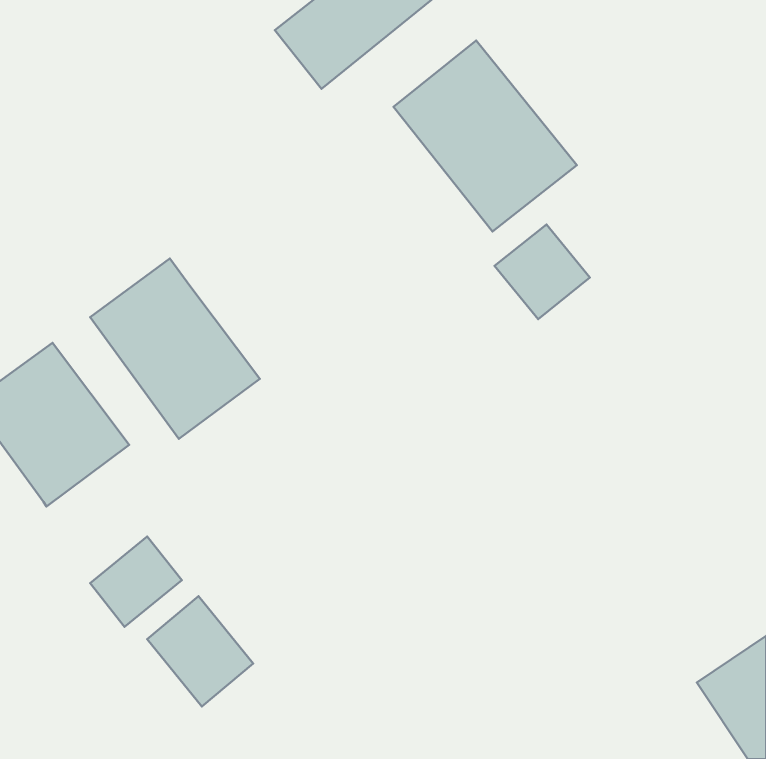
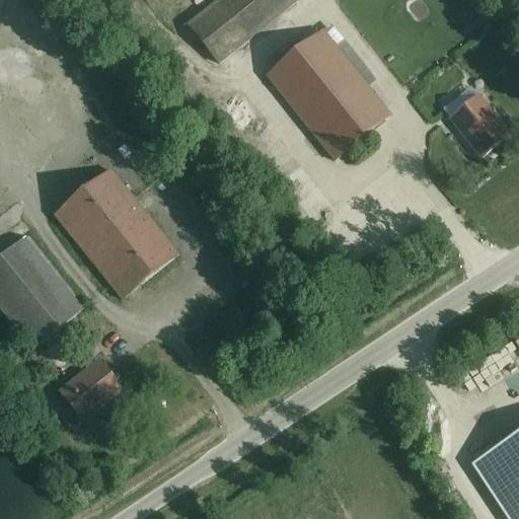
building: none -> [449,91,509,153]
building: [495,224,590,319] -> none
building: [147,596,253,706] -> none

